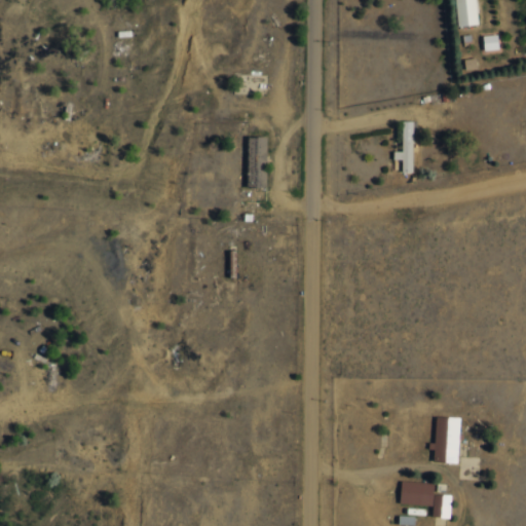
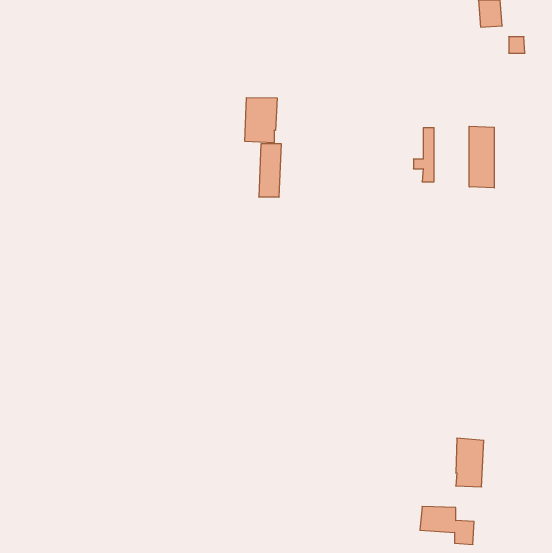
building: none -> [245,98,277,143]
building: none -> [469,126,494,188]

